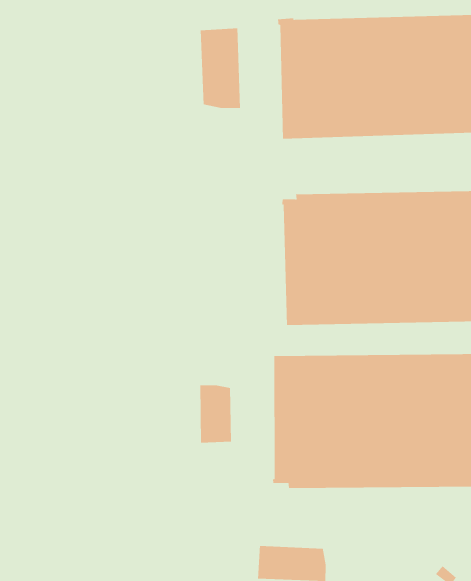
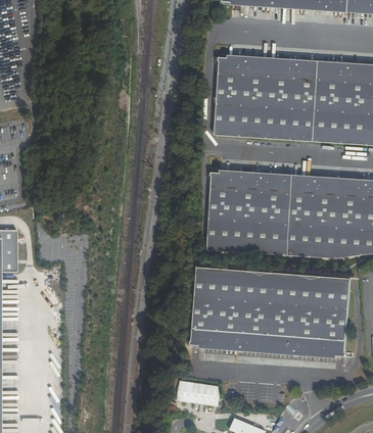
building: [200,27,241,109] -> none
building: [200,384,232,443] -> none

